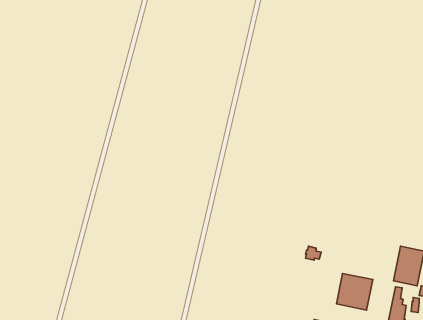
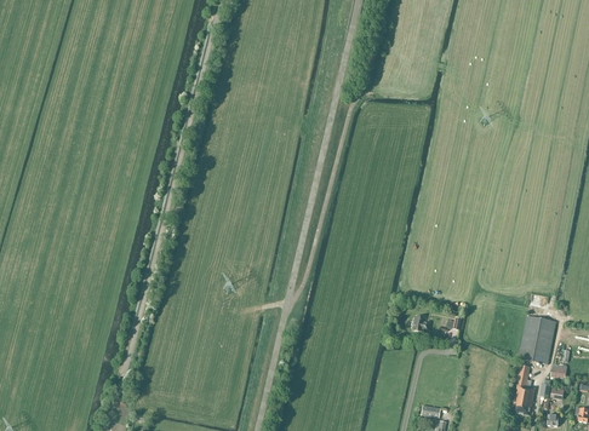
building: [336,273,373,310] -> none

